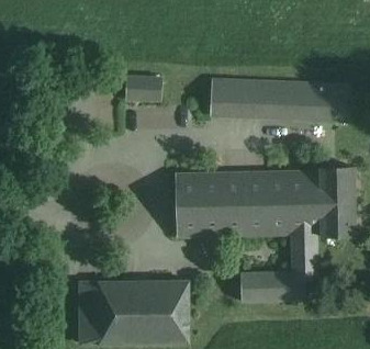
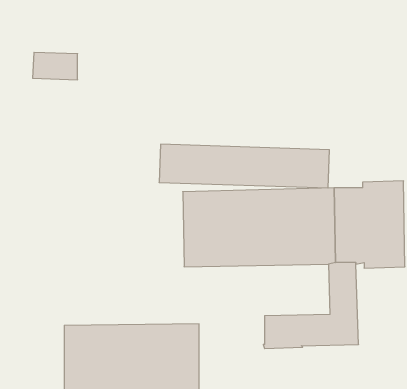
building: [124,74,160,95] -> [33,52,78,80]
building: [212,79,349,114] -> [159,144,329,188]

